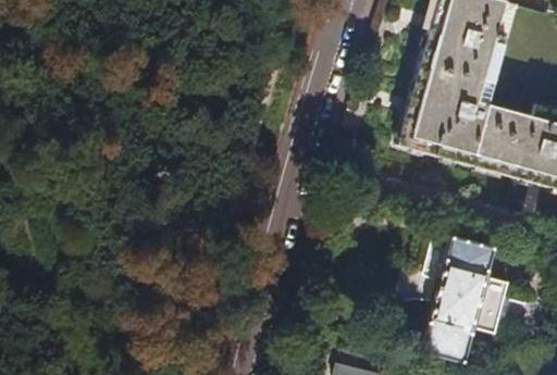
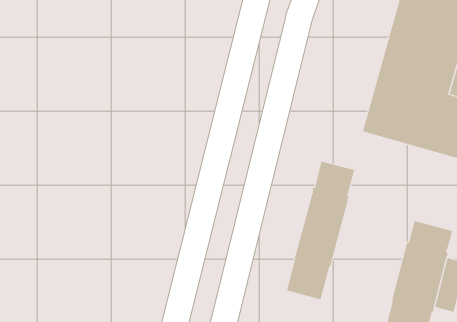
building: none -> [287,161,355,300]

